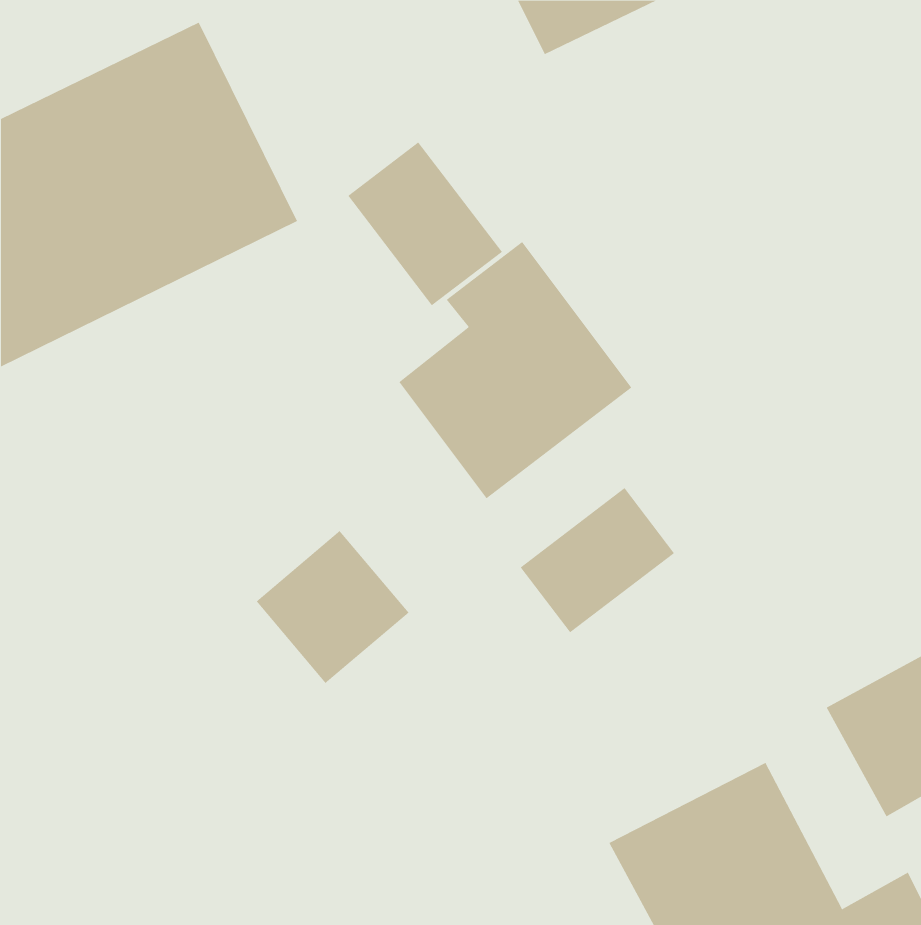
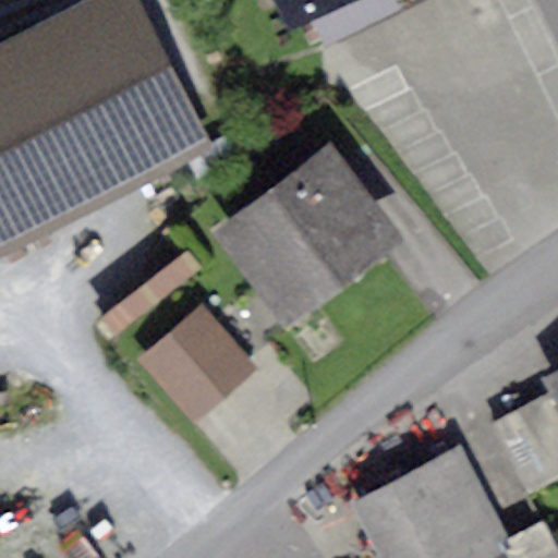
building: [347,142,503,306] -> none
building: [520,487,675,633] -> none

